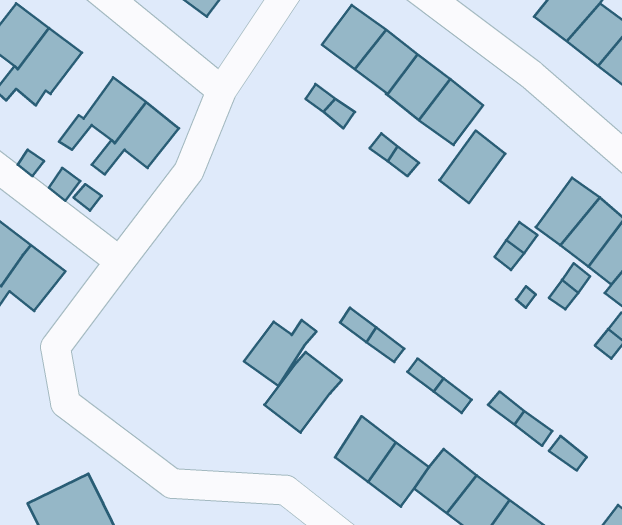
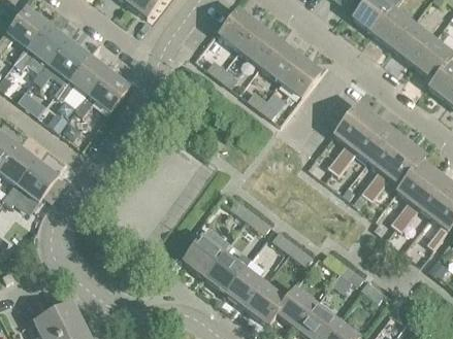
building: none -> [34,39,88,84]
building: [439,131,505,203] -> [334,103,376,148]
building: [244,320,316,386] -> [205,251,251,293]

